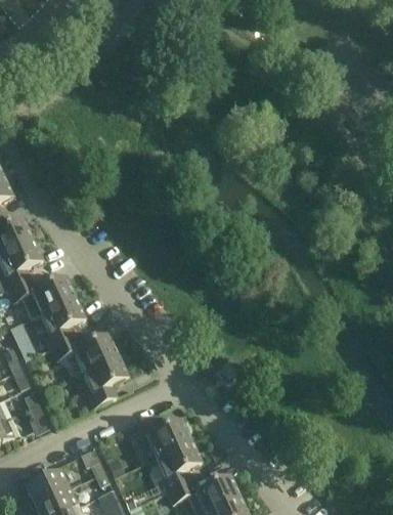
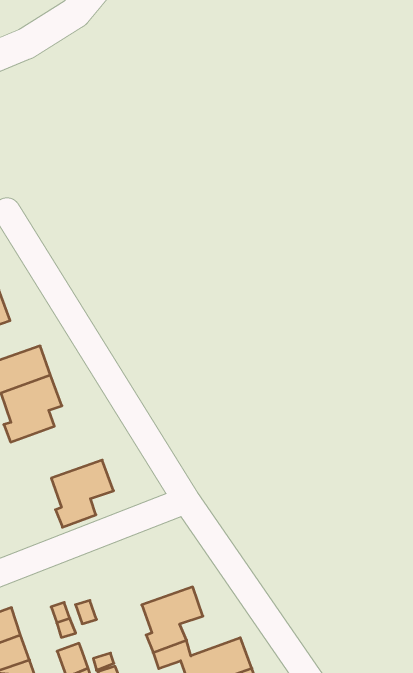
building: [49,332,117,370] -> none
building: [134,414,190,456] -> none

